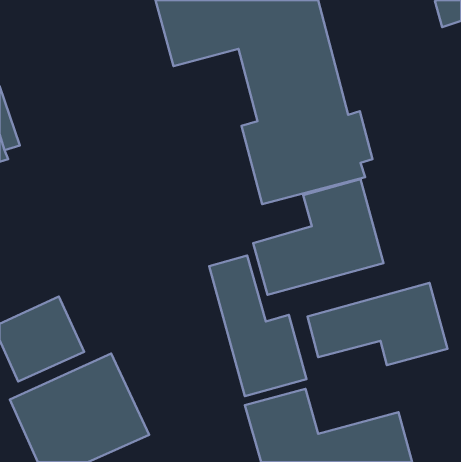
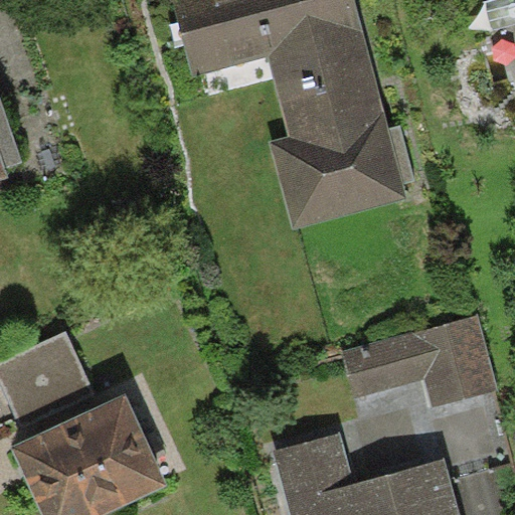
building: [253,179,384,295] -> none
building: [209,255,307,396] -> none

